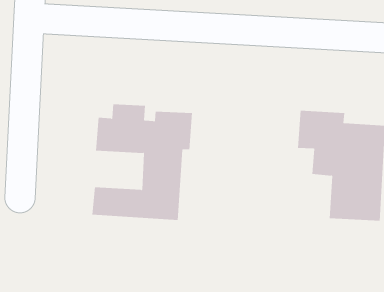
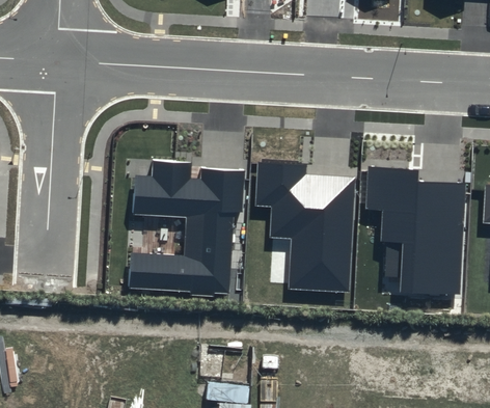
building: none -> [255,163,355,294]

